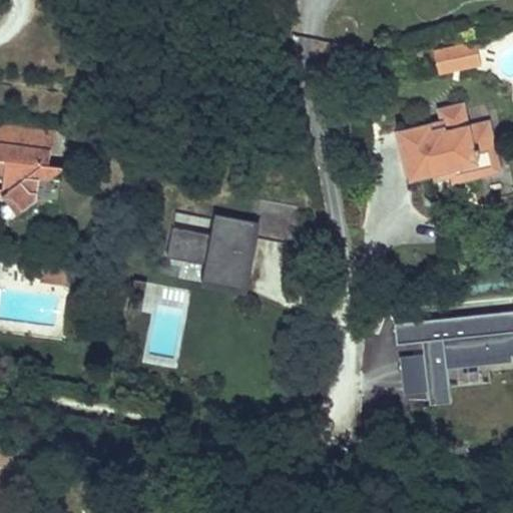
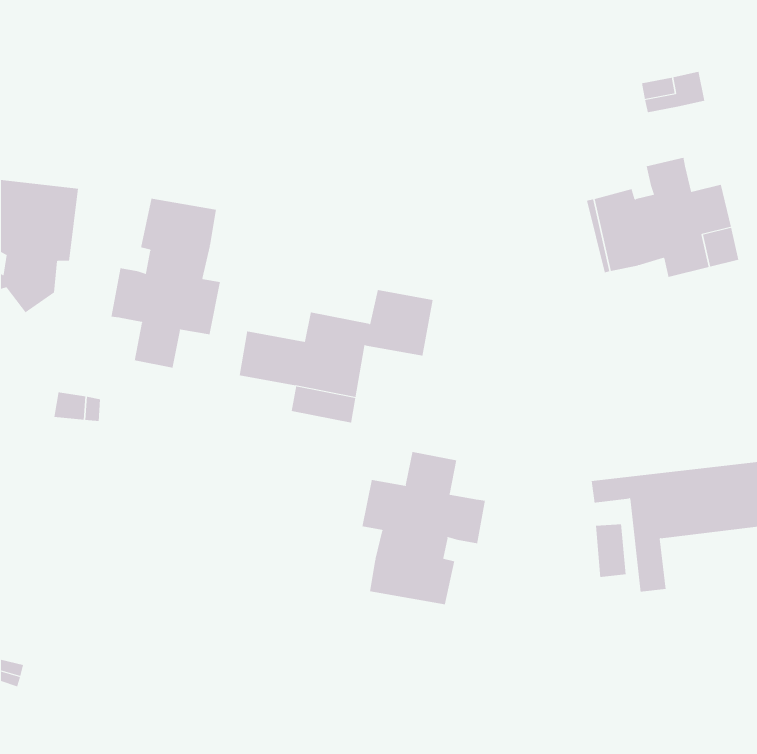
building: none -> [111,198,220,368]
building: none -> [362,451,486,605]

